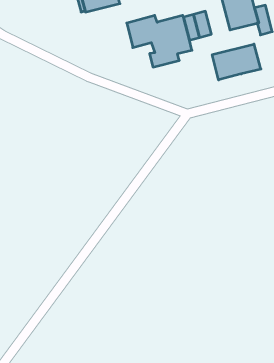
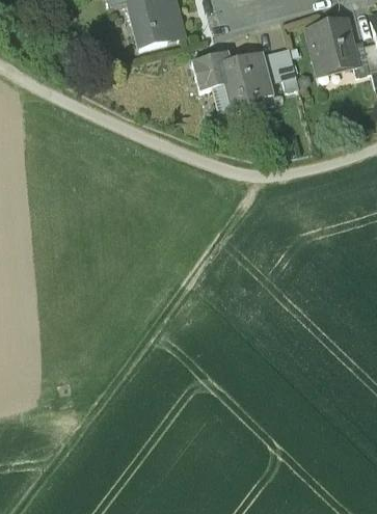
building: [212,44,261,80] -> none

